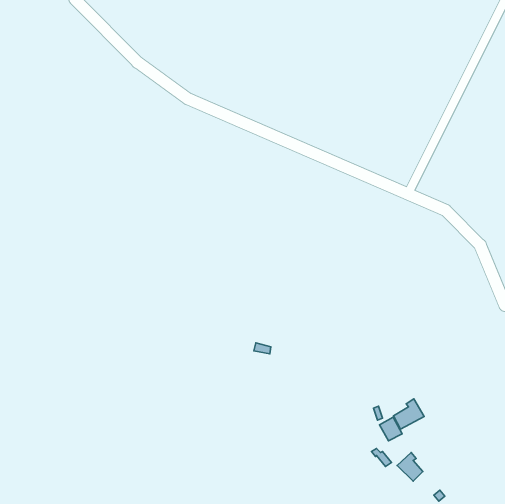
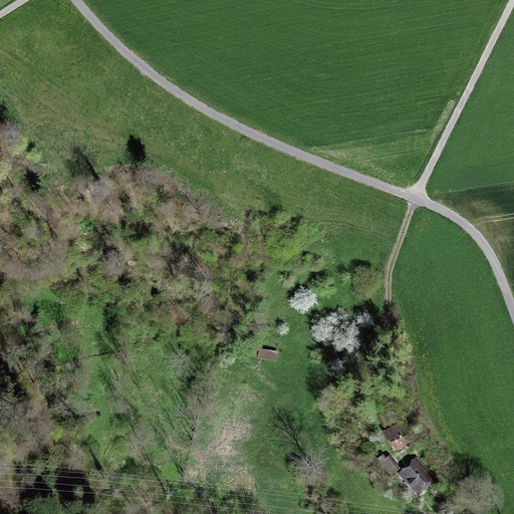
building: [393,399,424,429] -> none

